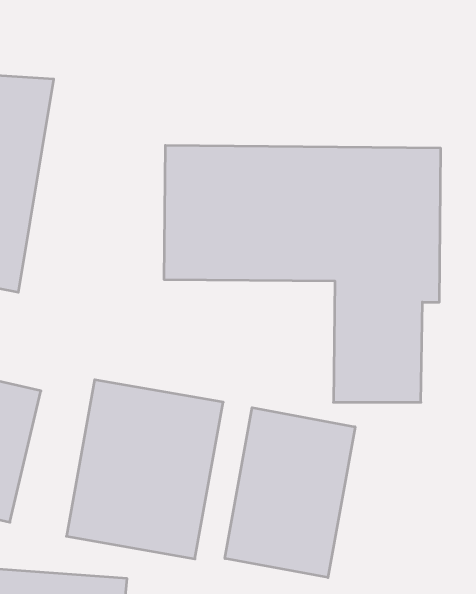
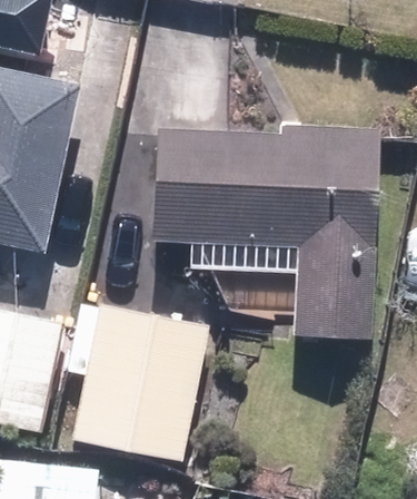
building: [225,408,355,578] -> none

